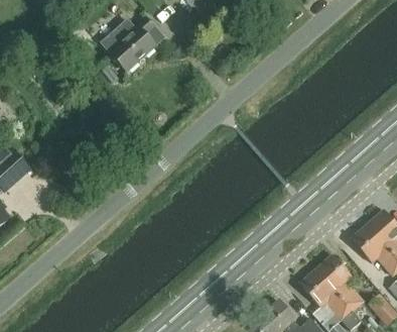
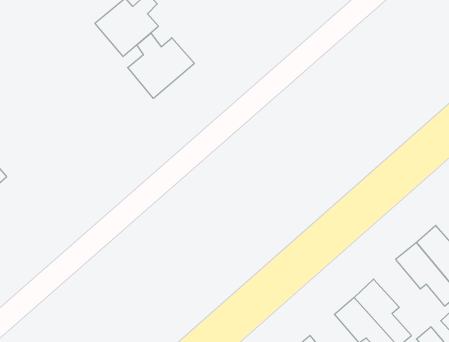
building: none -> [128,33,194,98]

